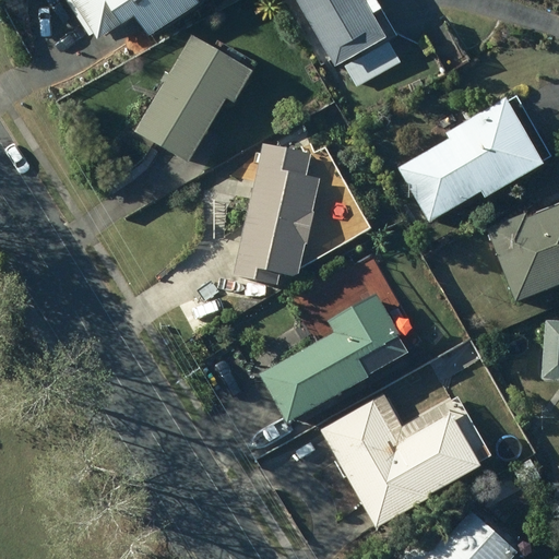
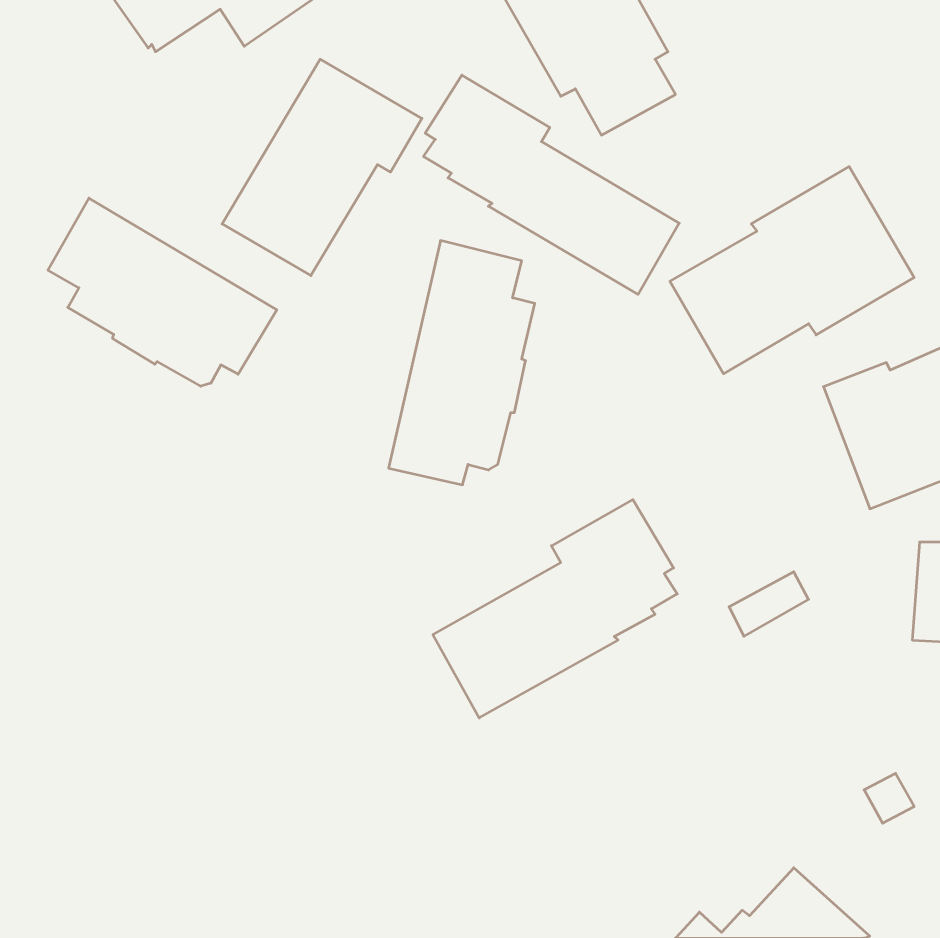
building: none -> [424,75,679,294]
building: none -> [48,198,277,386]
building: [321,393,480,527] -> none

